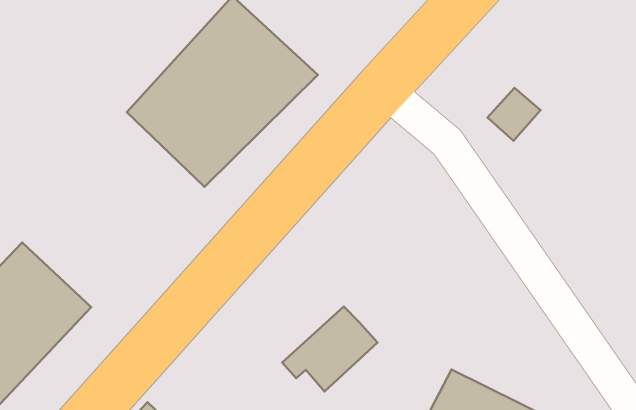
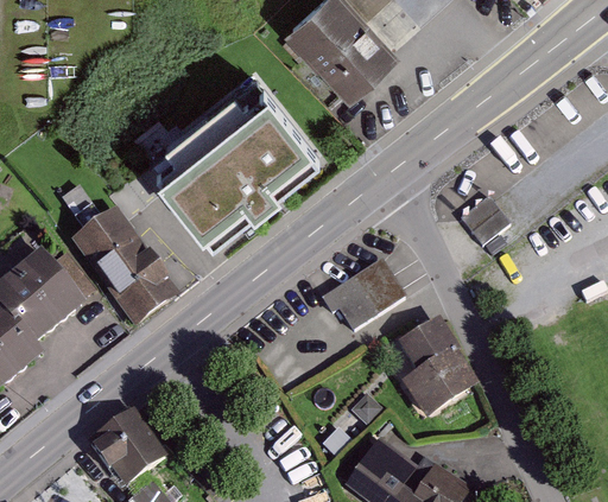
building: none -> [72,214,171,323]
building: none -> [401,323,480,420]
building: [282,306,378,392] -> [317,259,401,329]

